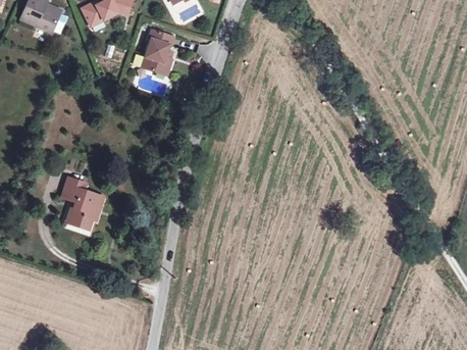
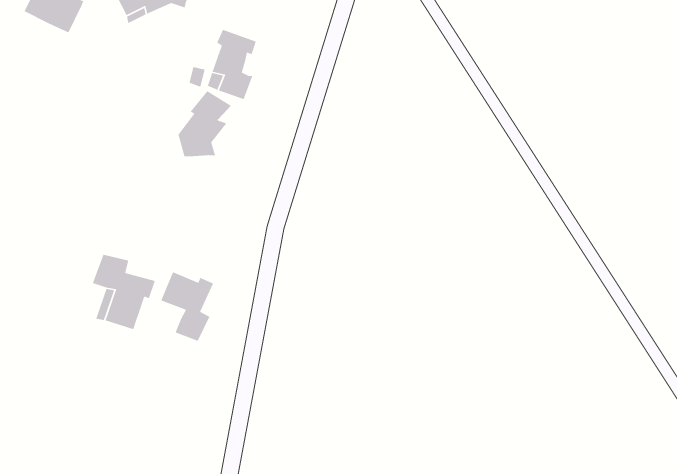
building: none -> [177,90,232,157]
building: none -> [160,271,214,342]

